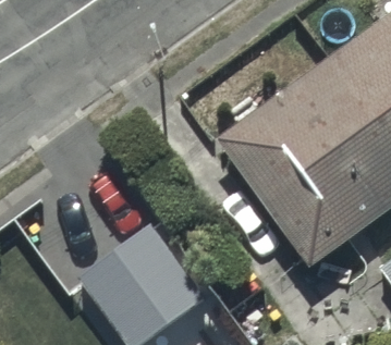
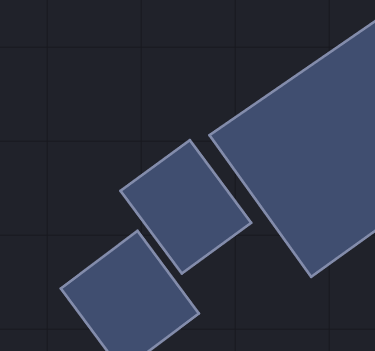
building: none -> [120,140,251,273]

